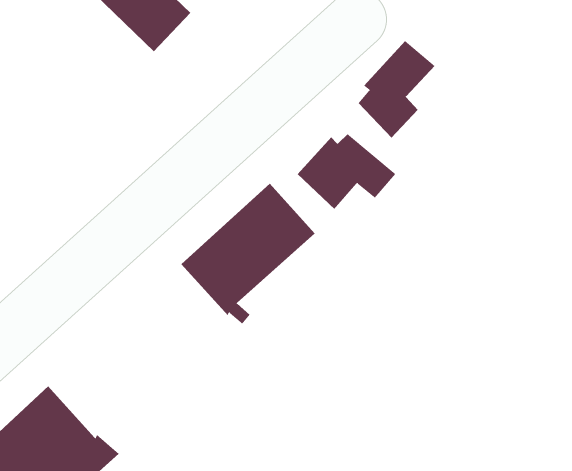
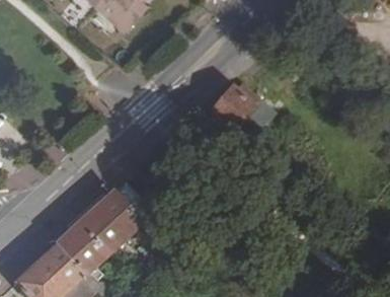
building: [358,40,435,138] -> none
building: [181,183,316,324] -> [57,192,141,280]

